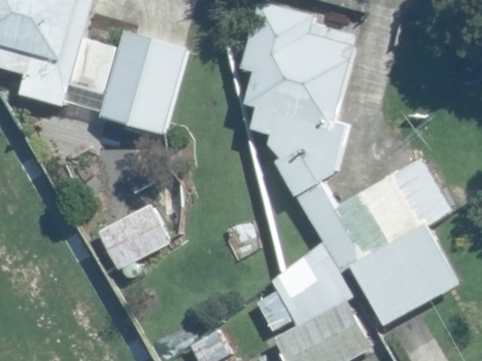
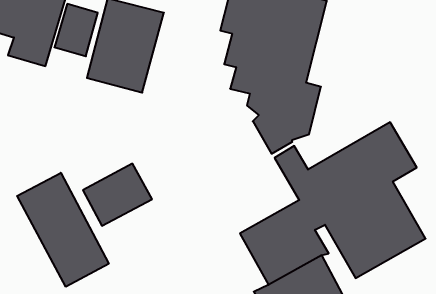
building: none -> [17,173,109,287]

